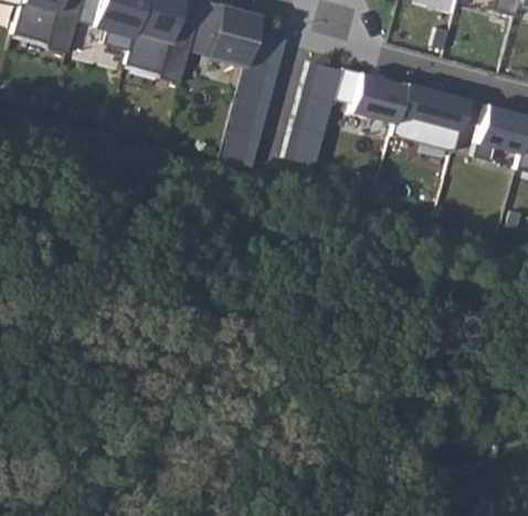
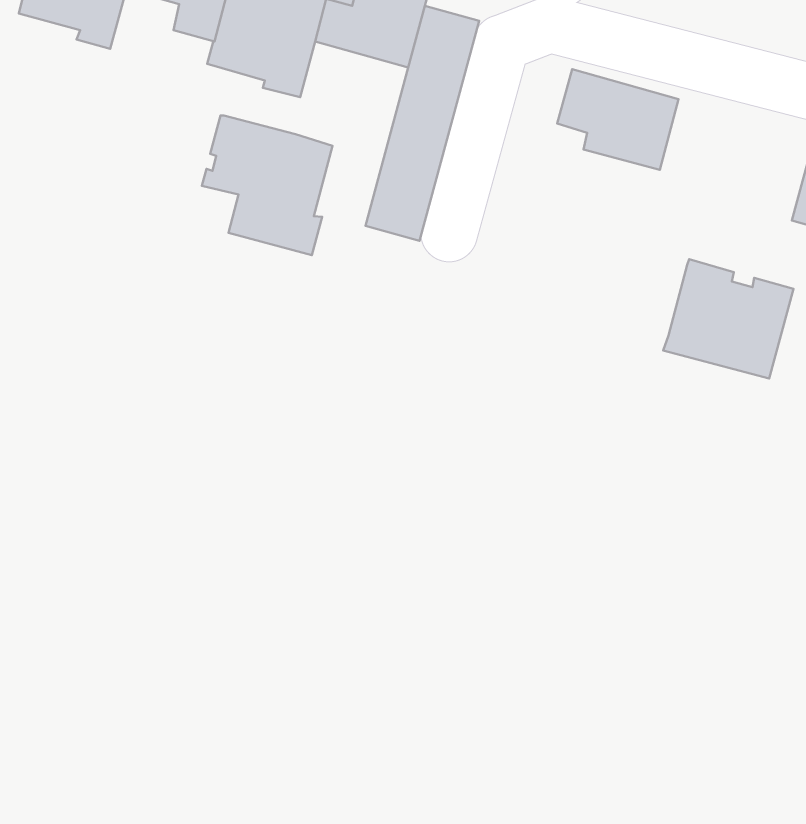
building: [283,62,341,167] -> none
building: [391,81,468,151] -> [663,259,793,378]
building: none -> [202,116,333,255]

